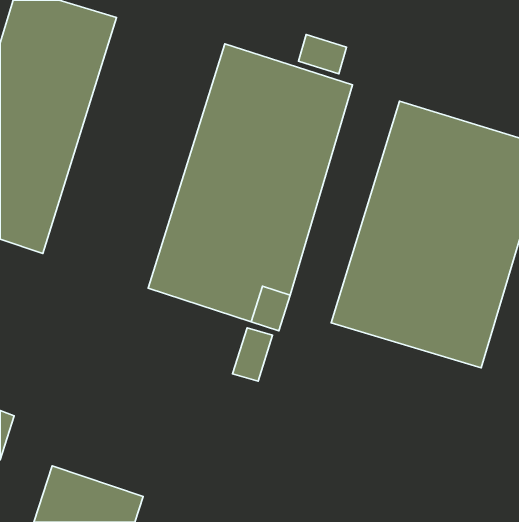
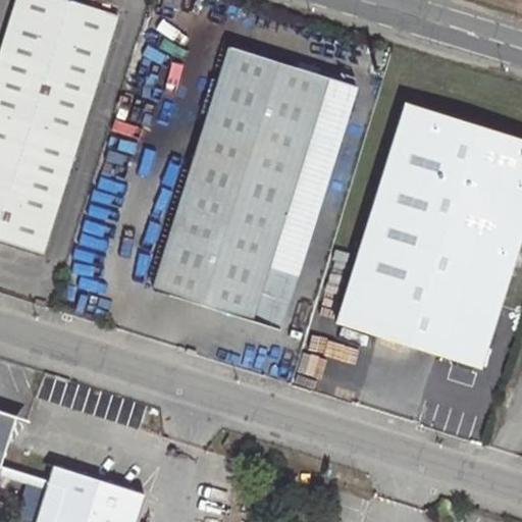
building: [298,34,347,74] -> none
building: [233,328,273,381] -> none

